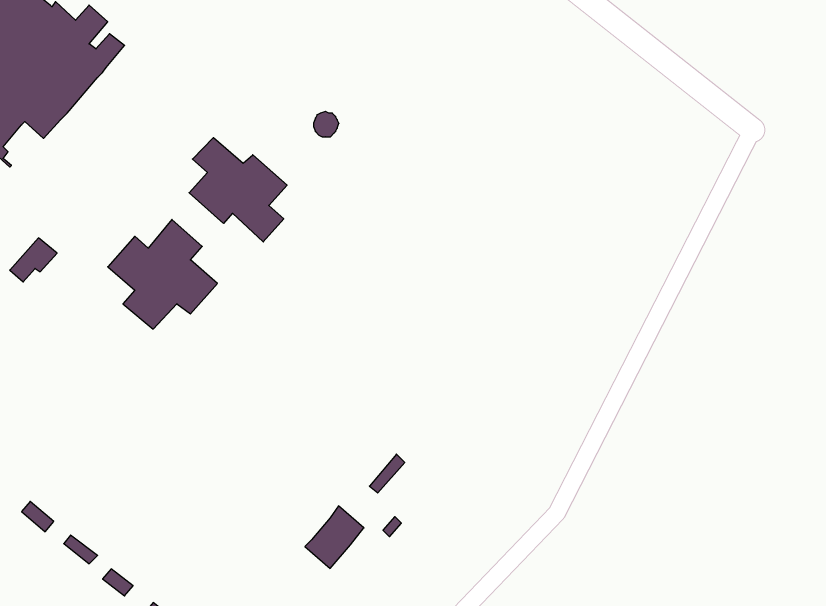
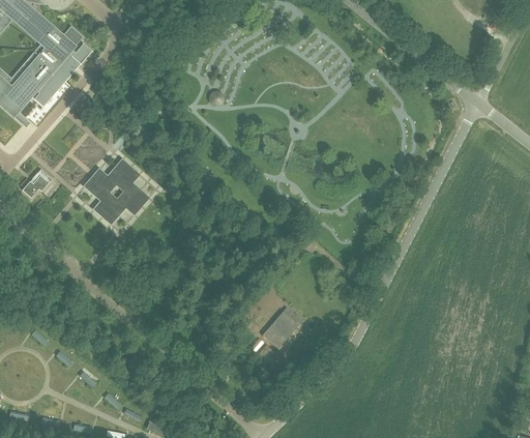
building: [189,138,287,242] -> none
building: [305,506,364,568] -> [261,310,297,348]

